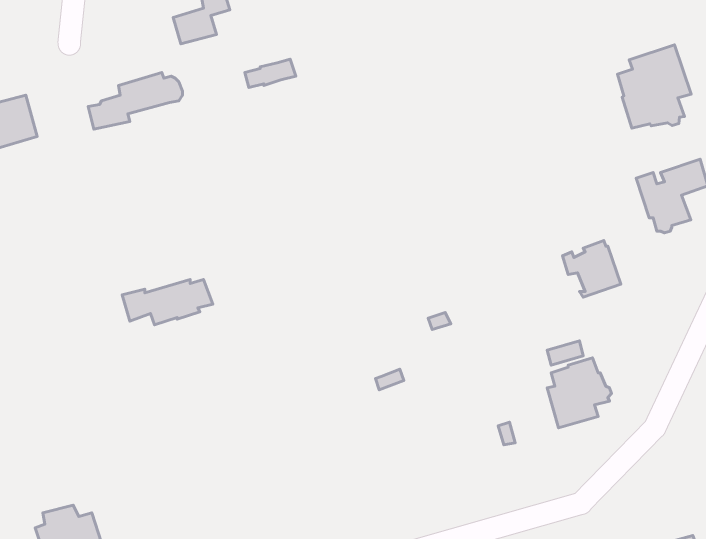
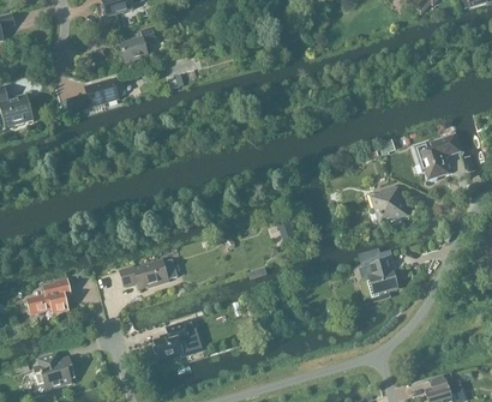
building: [618,45,691,128] -> none
building: [122,280,213,325] -> [119,259,176,288]
building: none -> [26,277,71,313]
building: none -> [154,319,204,358]

